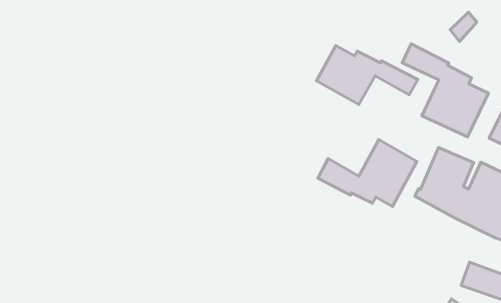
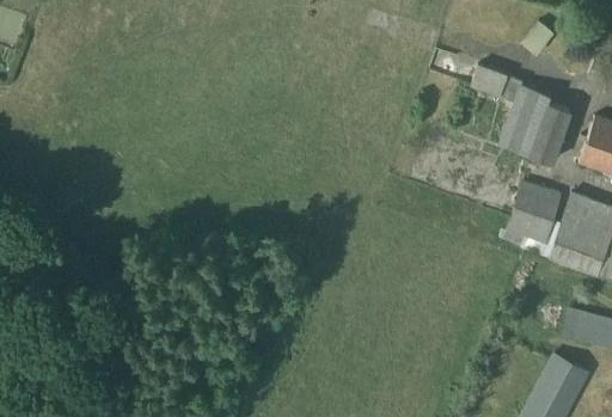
building: [316,45,418,105] -> none
building: [318,139,417,207] -> none

